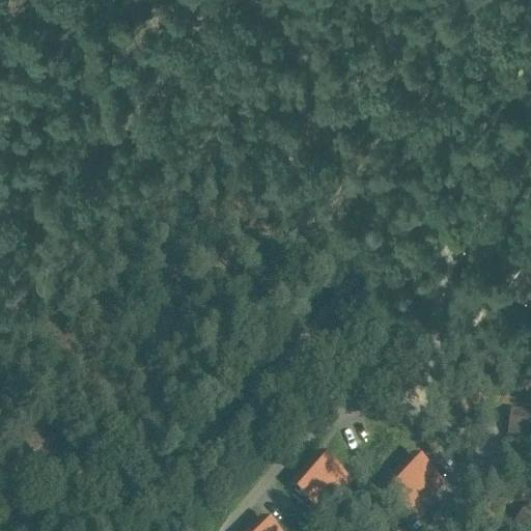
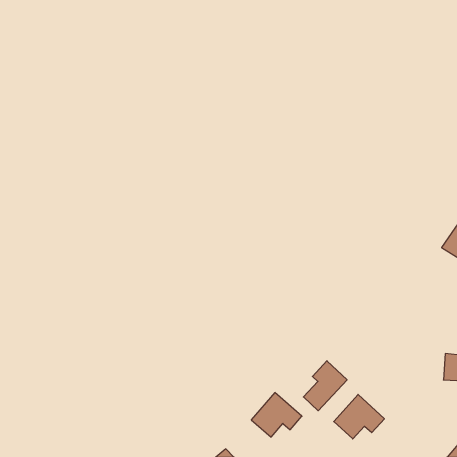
building: none -> [303,361,347,411]

